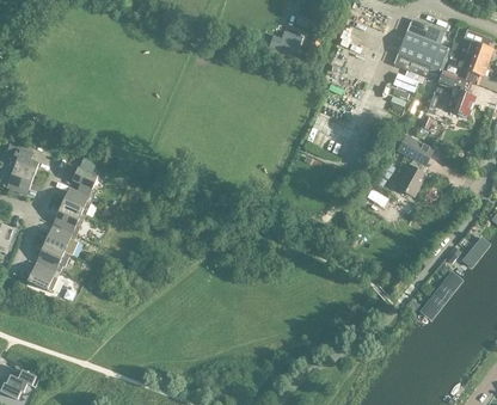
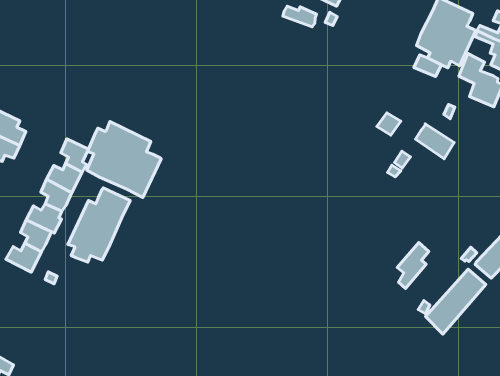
building: none -> [87,121,161,198]
building: [394,162,425,196] -> none
building: none -> [68,188,130,262]
building: none -> [397,243,429,288]

